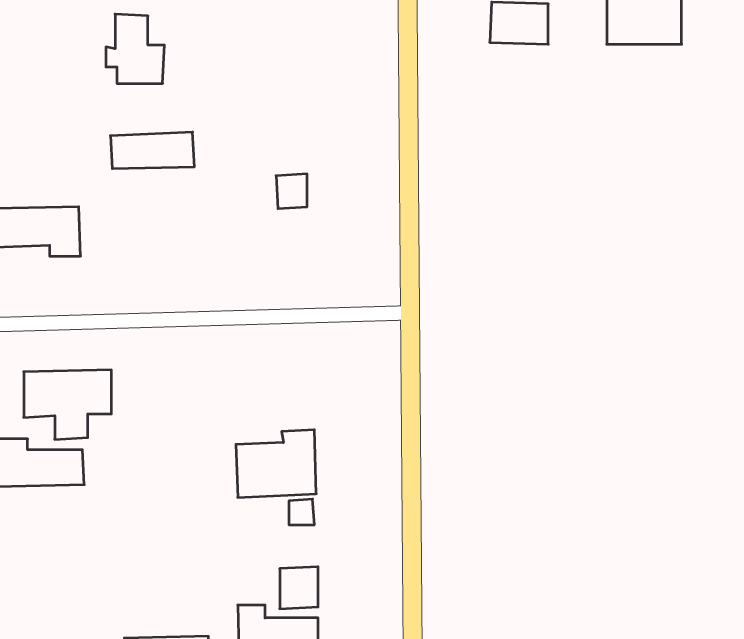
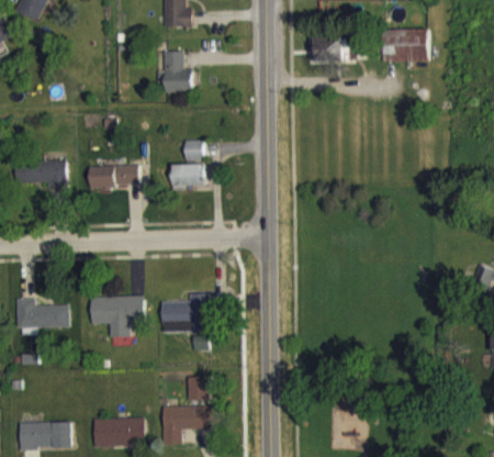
building: [106,14,164,83] -> [158,51,193,92]
building: [110,132,194,169] -> [89,165,139,187]
building: none -> [171,164,205,190]
building: [24,370,111,439] -> [90,296,143,337]

